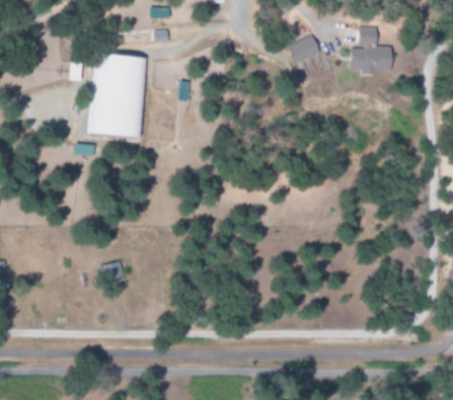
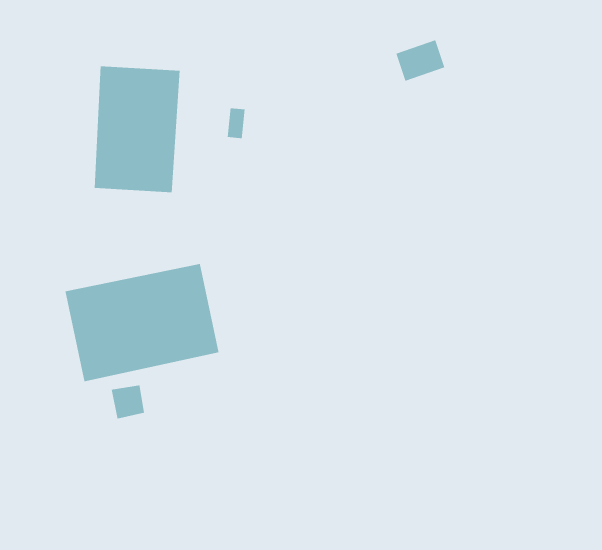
building: [349,26,391,72] -> none
building: none -> [65,263,219,382]

